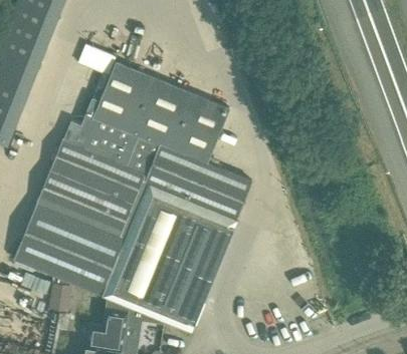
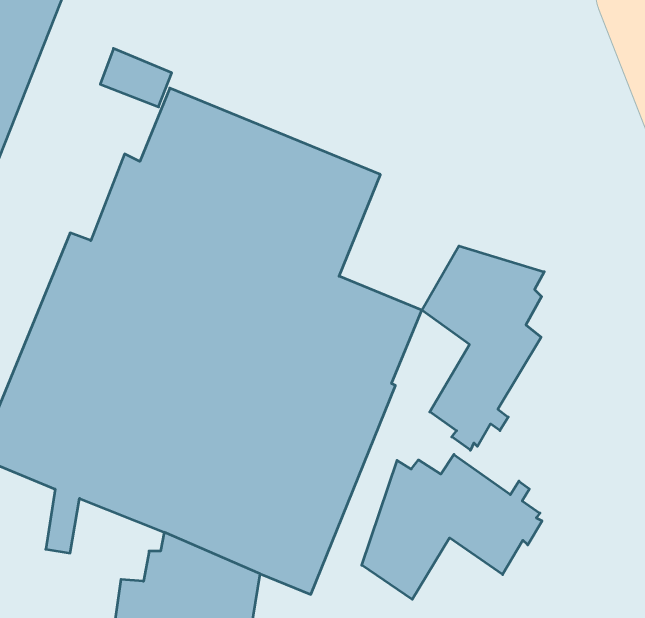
building: none -> [422,246,544,450]
building: none -> [362,454,542,599]

